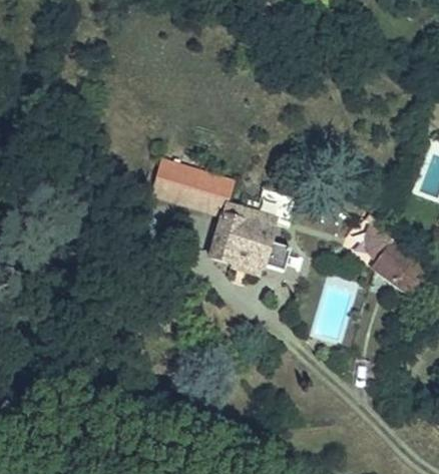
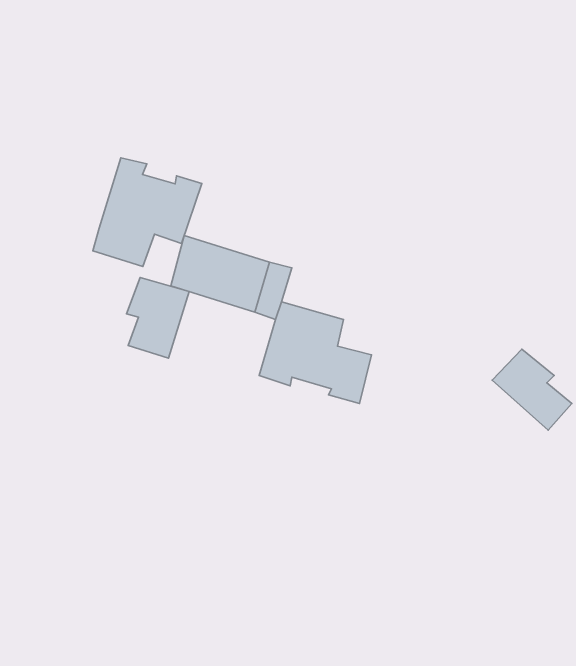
building: none -> [93,158,202,267]
building: none -> [126,278,189,358]

